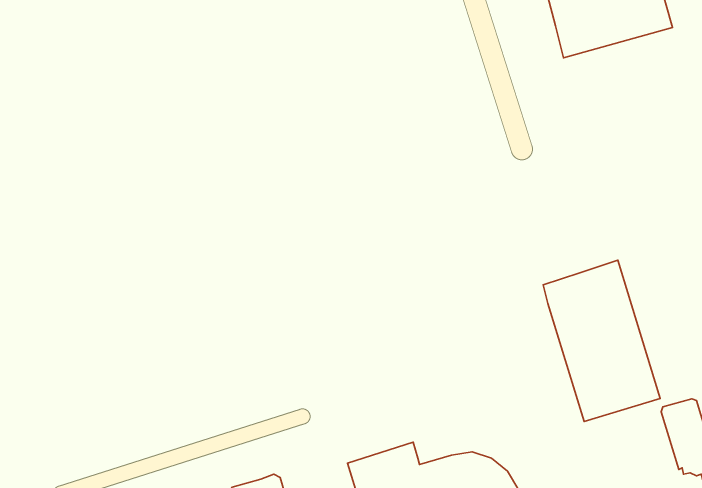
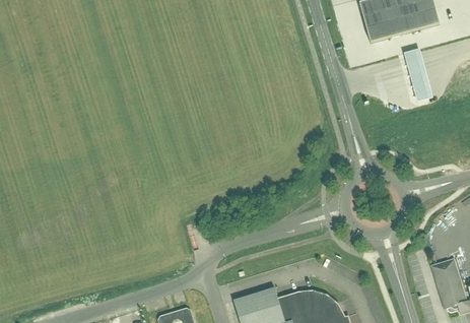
building: none -> [403,48,431,101]
building: [543,260,660,421] -> none

